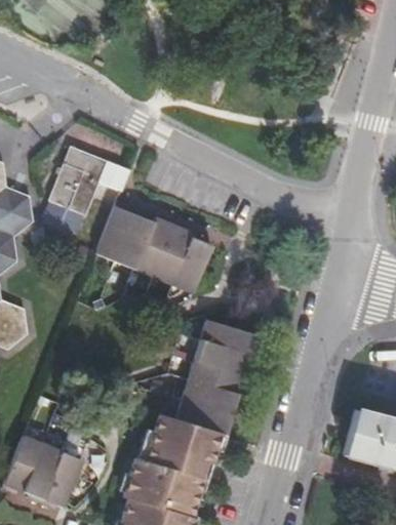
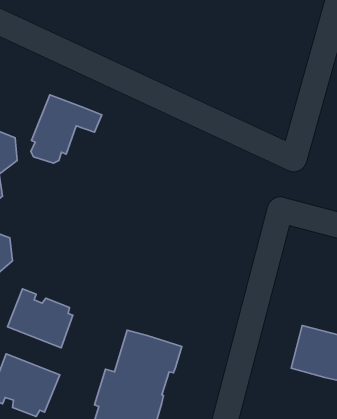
building: [93,204,208,288] -> none
building: [179,319,256,433] -> none
building: none -> [8,289,73,348]

